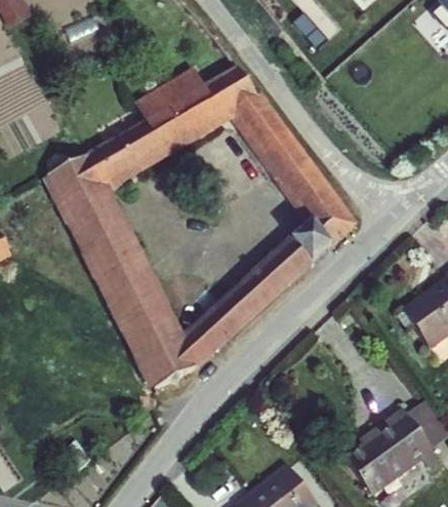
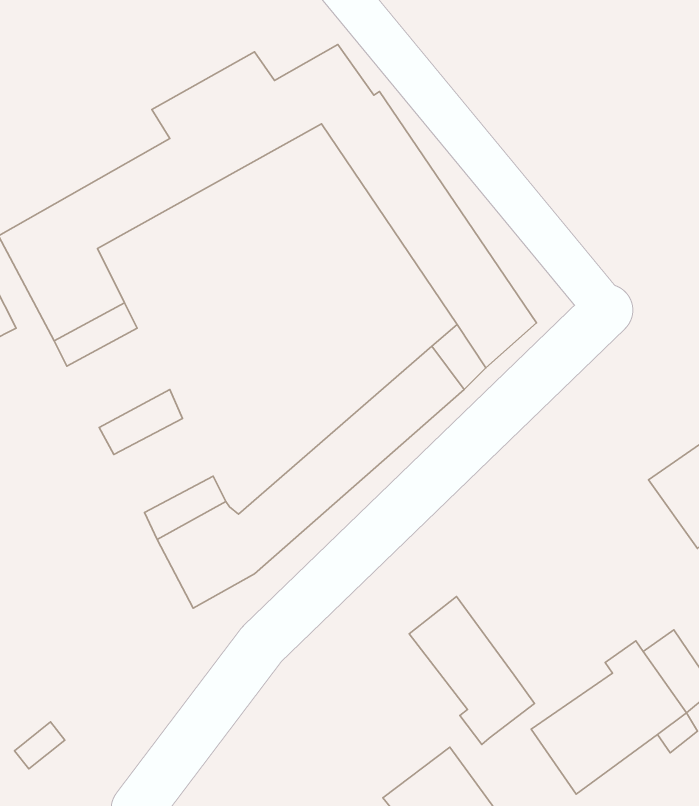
building: [83,229,141,285] -> none
building: [110,280,166,334] -> none
building: none -> [409,597,535,745]

